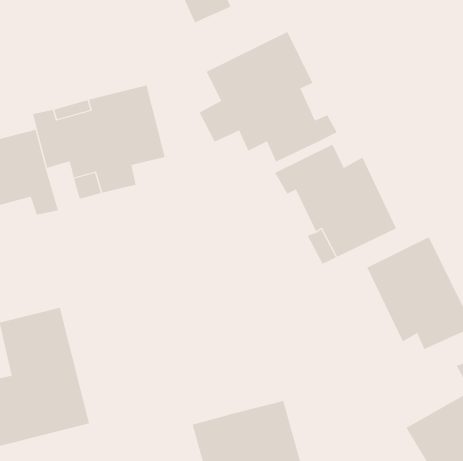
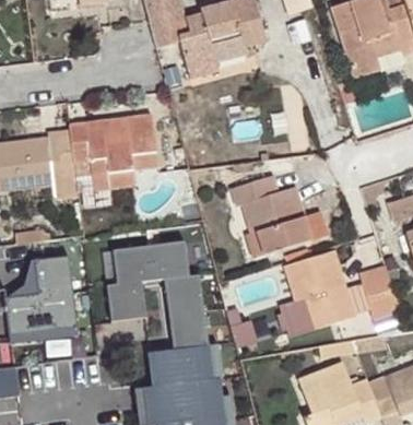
building: [199,31,337,163] -> none
building: none -> [108,246,206,353]

